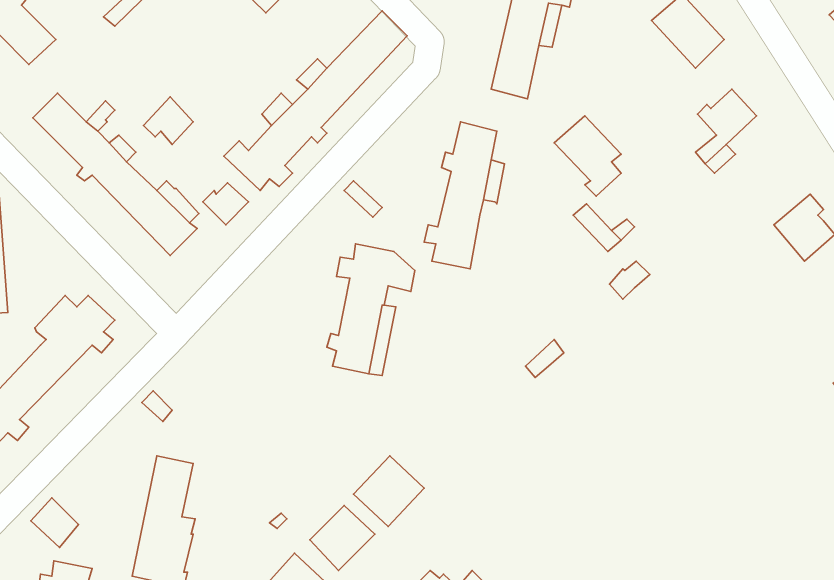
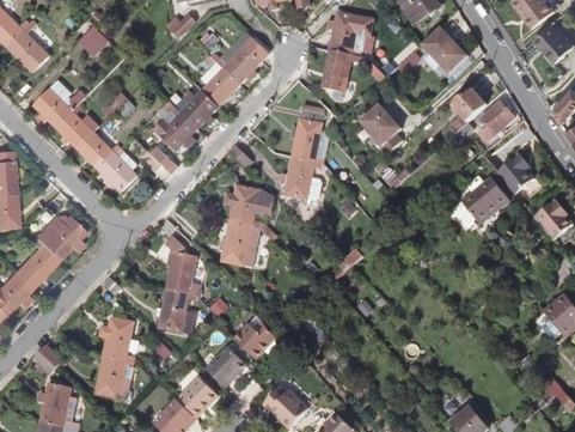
building: none -> [479,101,515,142]
building: none -> [451,178,508,229]
building: none -> [155,251,197,334]

